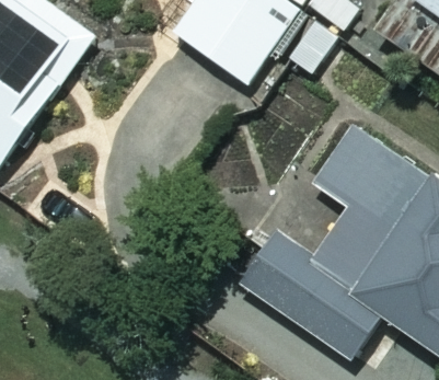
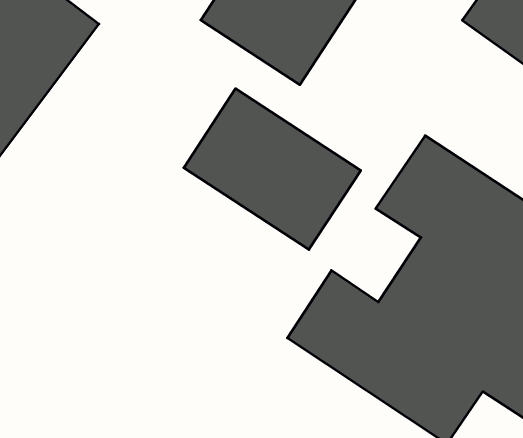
building: none -> [184,89,361,250]

